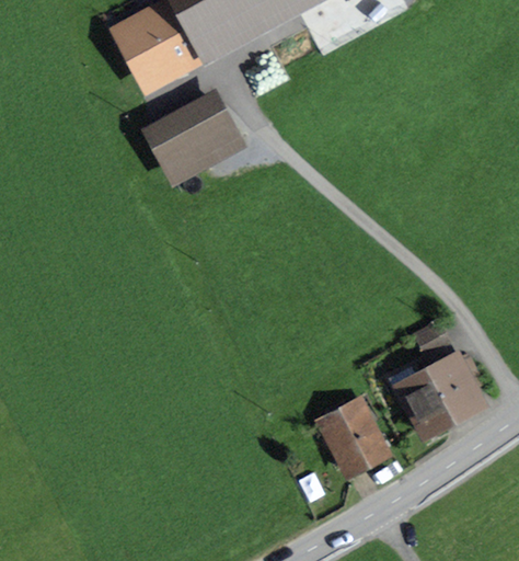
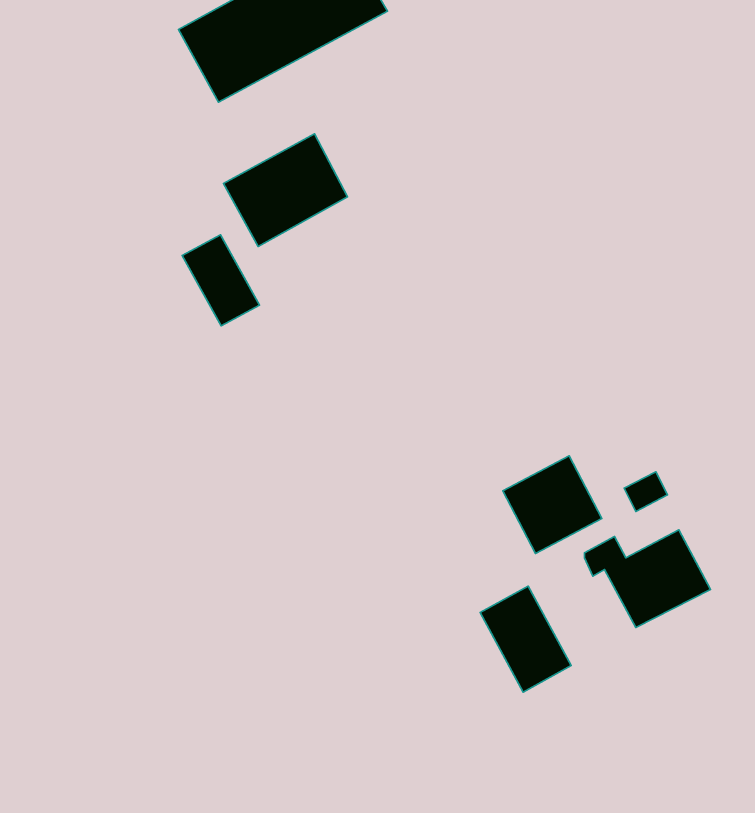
building: none -> [182,235,259,326]
building: none -> [503,456,602,554]

